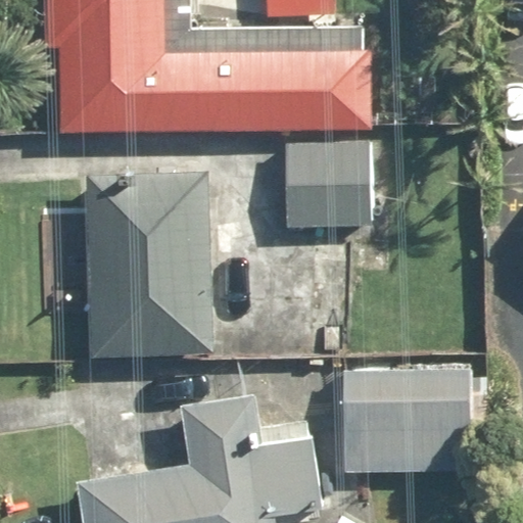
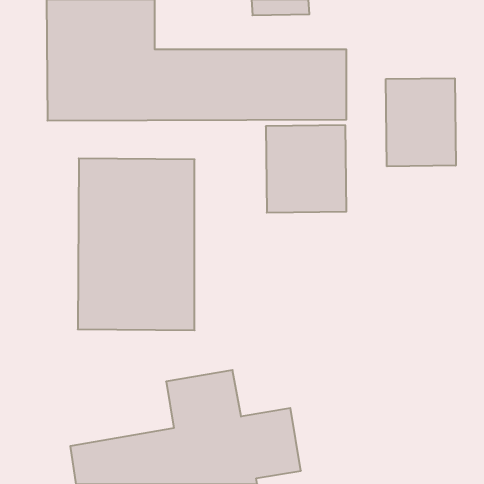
building: none -> [386,78,456,166]
building: [345,366,473,474] -> none

